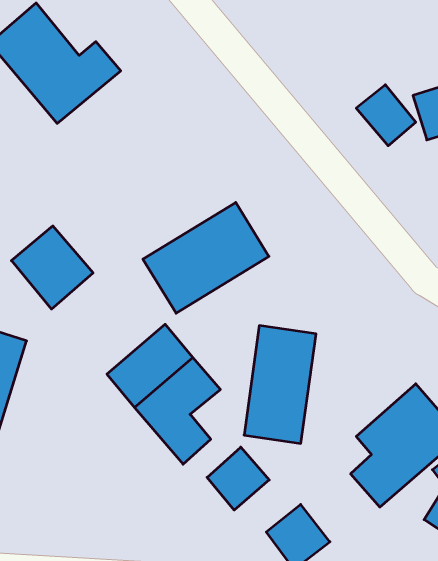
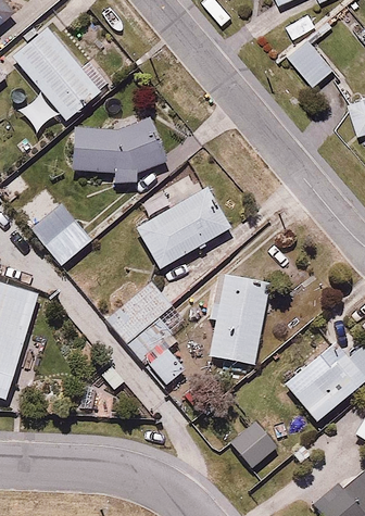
building: [356,85,416,146] -> [286,36,332,84]
building: none -> [71,116,166,185]
building: [207,447,269,510] -> none

